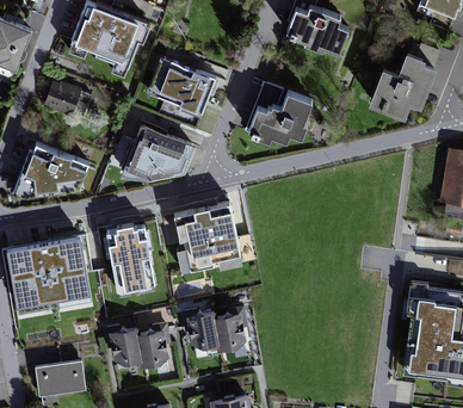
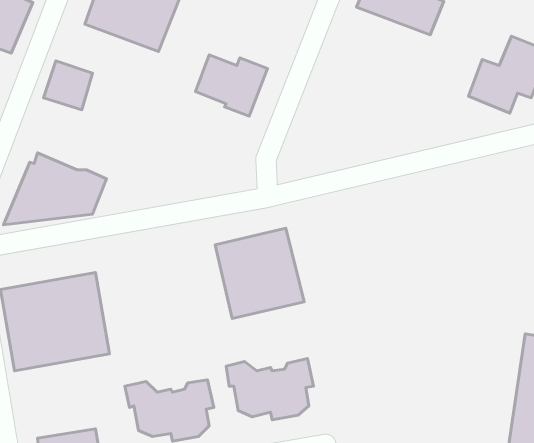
building: [251,85,315,147] -> none
building: [118,119,195,178] -> none
building: [106,227,158,298] -> none

